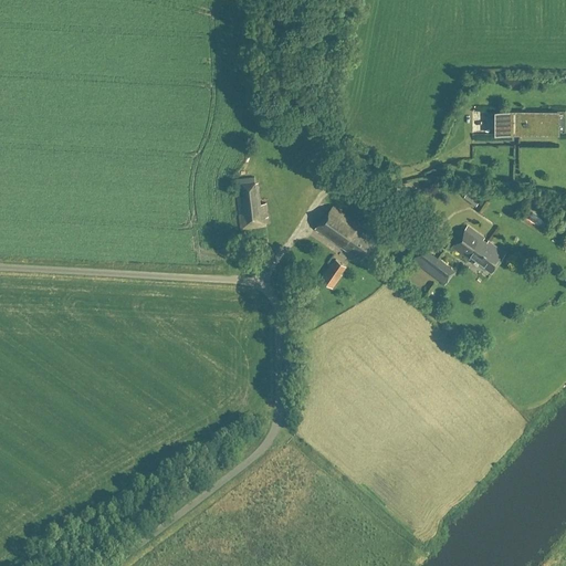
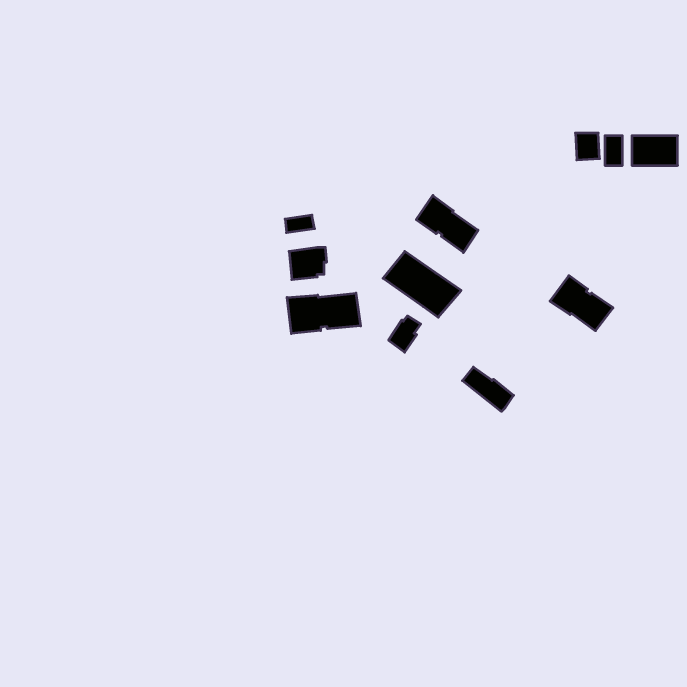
building: none -> [416,195,478,253]
building: none -> [287,293,361,334]
building: [412,249,454,285] -> [462,367,514,411]

